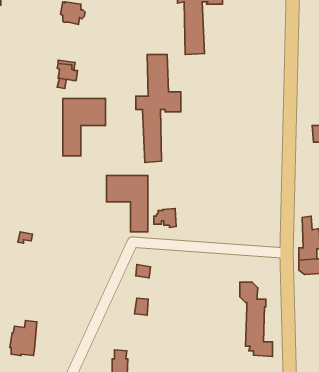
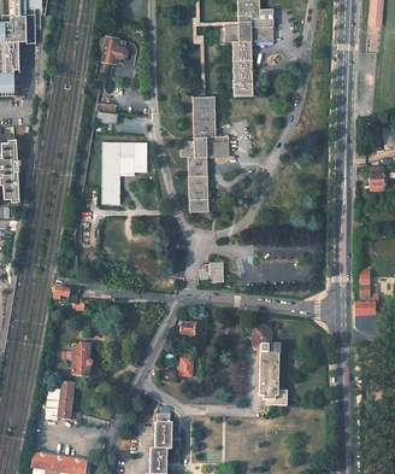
building: [106,175,148,232] -> none
building: [240,282,273,356] -> [252,327,287,406]
building: none -> [71,344,92,378]

